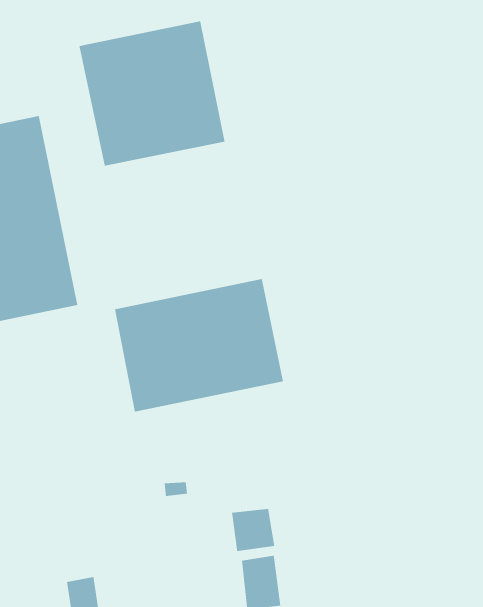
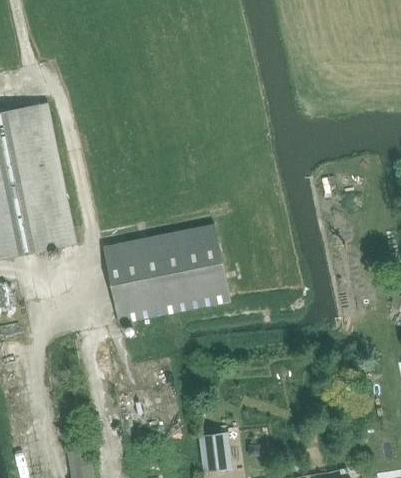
building: [79,21,225,166] -> none
building: [232,508,275,552] -> none

